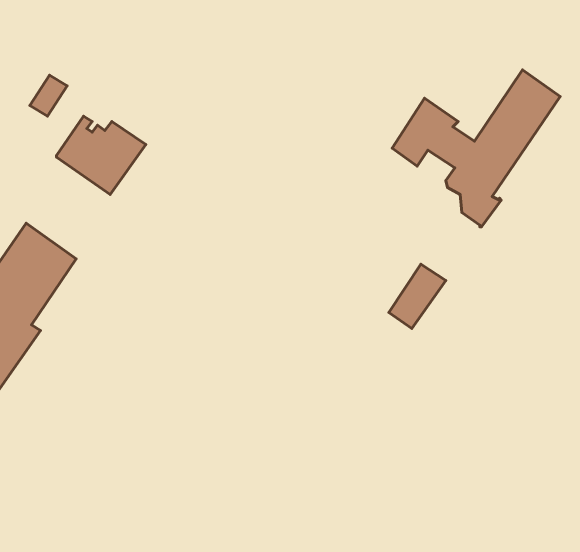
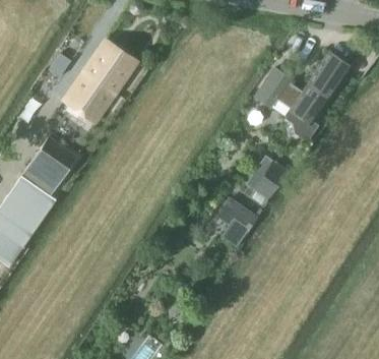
building: none -> [79,41,136,94]
building: none -> [217,201,255,236]

